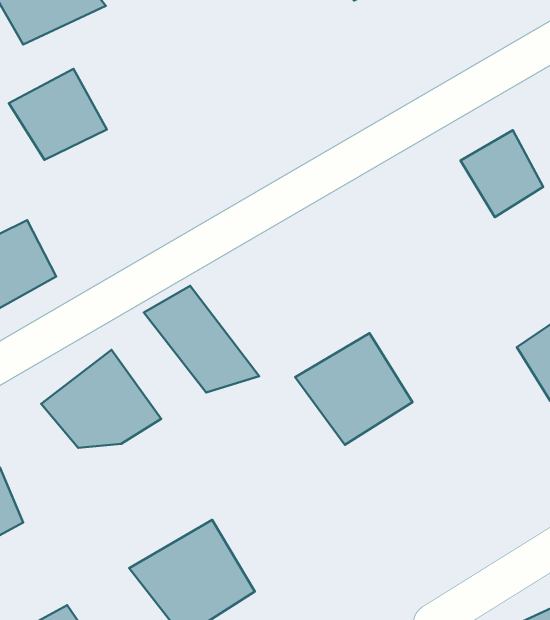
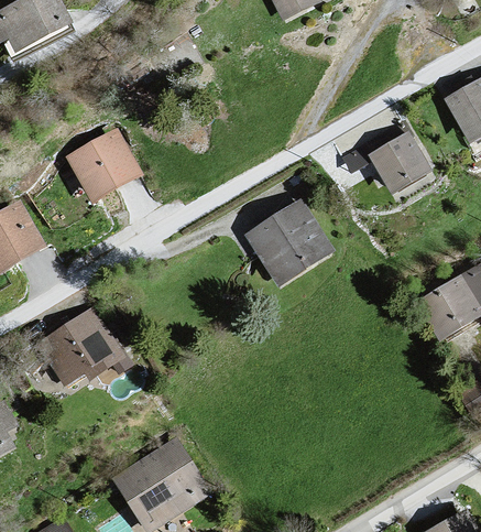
building: [9,69,107,160] -> [65,128,143,200]
building: [144,286,259,392] -> none
building: [295,333,412,445] -> [242,197,336,286]

